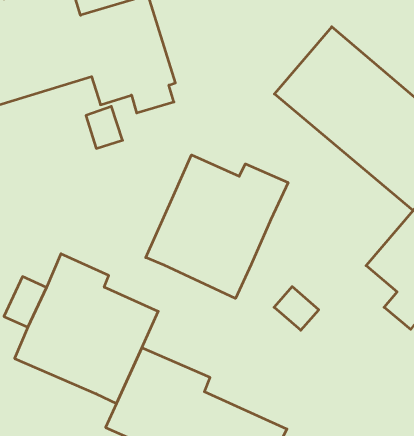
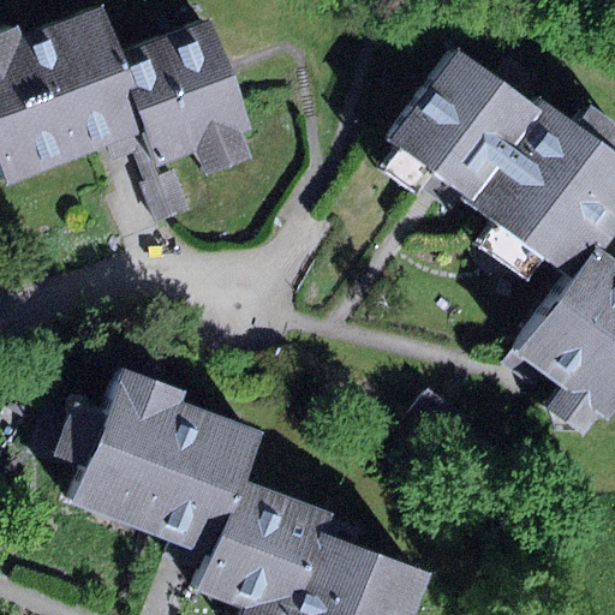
building: [146,155,288,298] -> none

